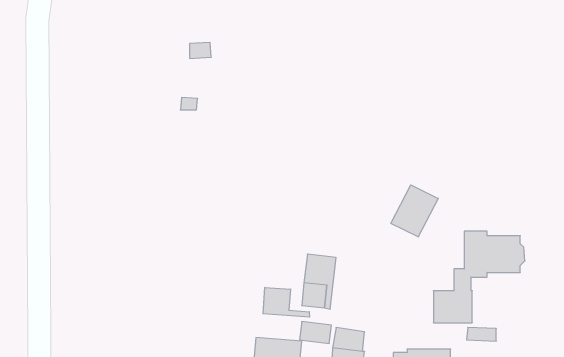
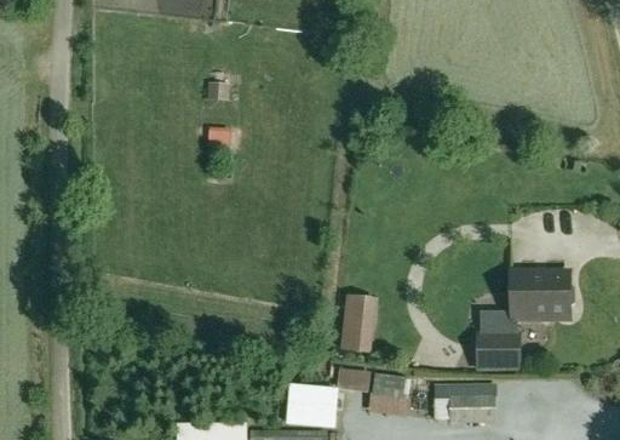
building: [391,185,438,237] -> none
building: [263,287,309,317] -> none

